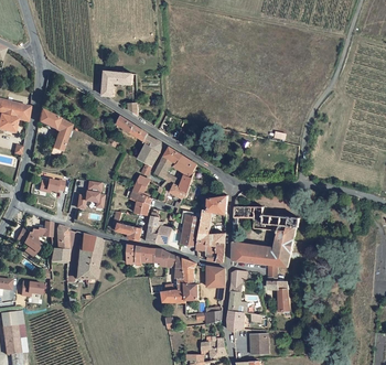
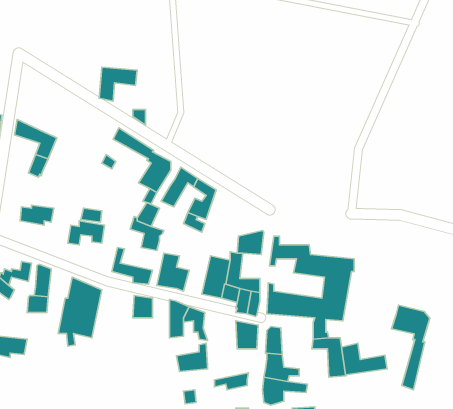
building: none -> [392,305,430,390]
building: [180,260,201,302] -> none
building: none -> [341,343,387,375]

